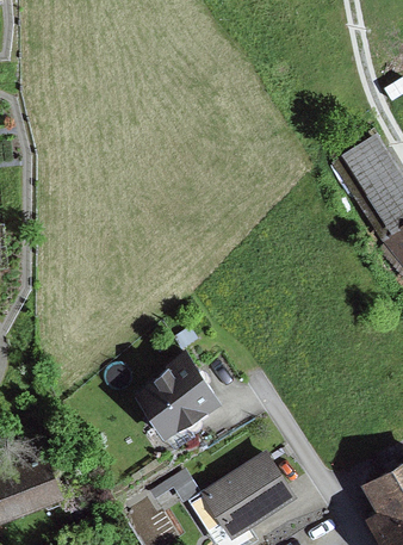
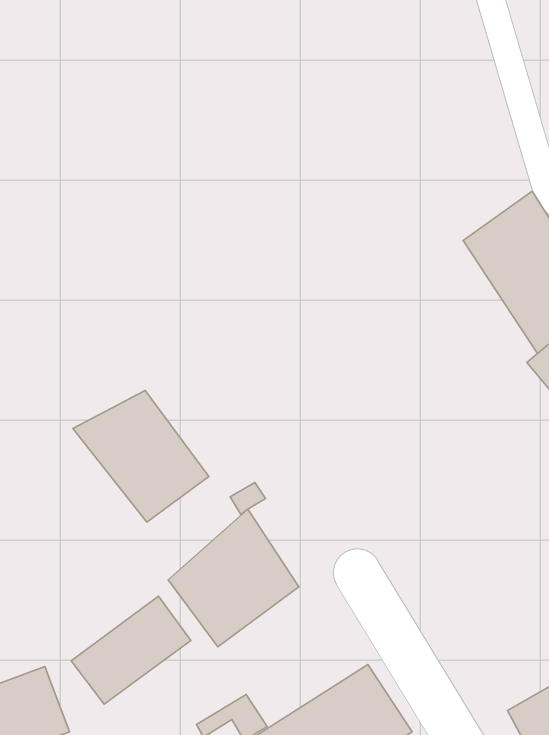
building: none -> [73,391,209,522]
building: none -> [71,596,191,704]

